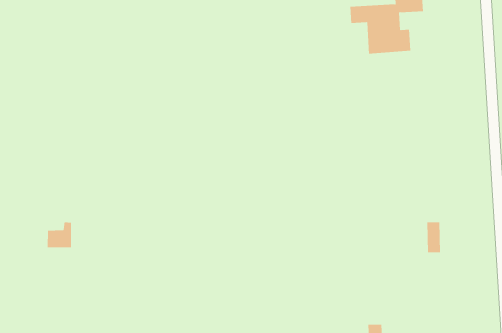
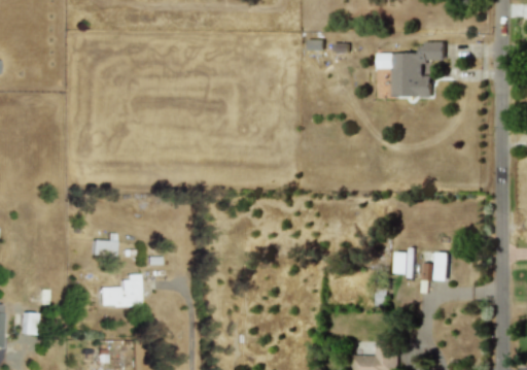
building: none -> [394,250,413,274]
building: none -> [98,276,139,306]

